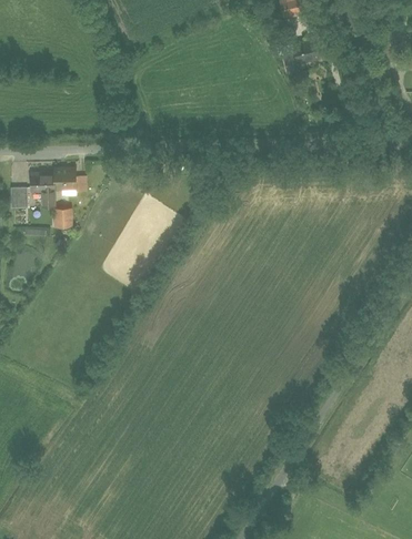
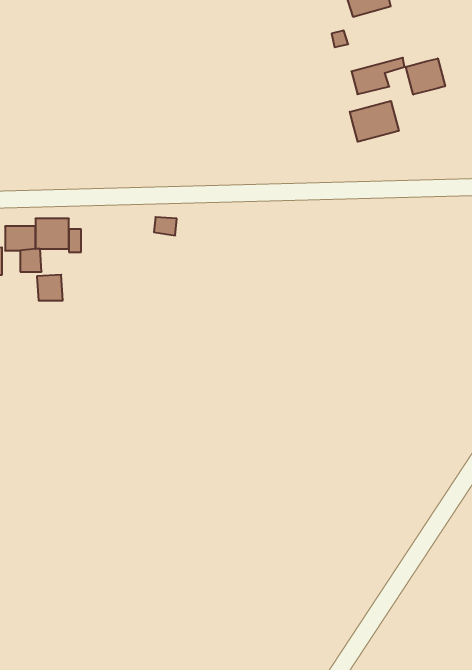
building: none -> [406,58,445,95]
building: none -> [350,101,399,142]

